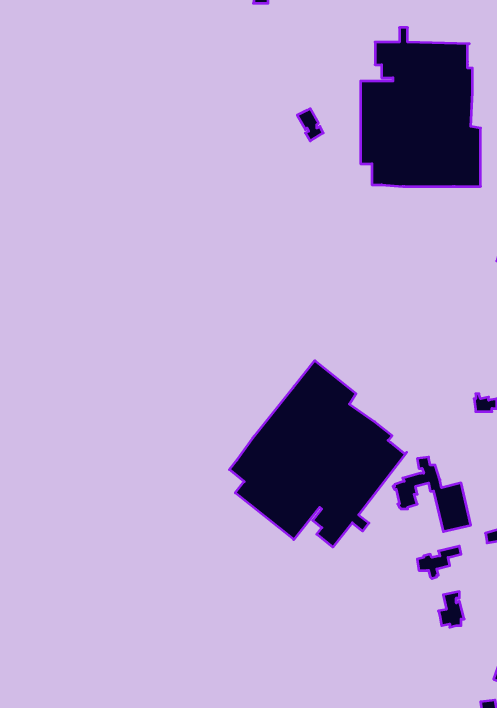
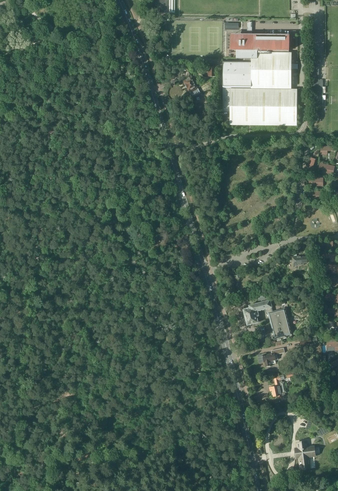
building: [229,361,407,547] -> none

